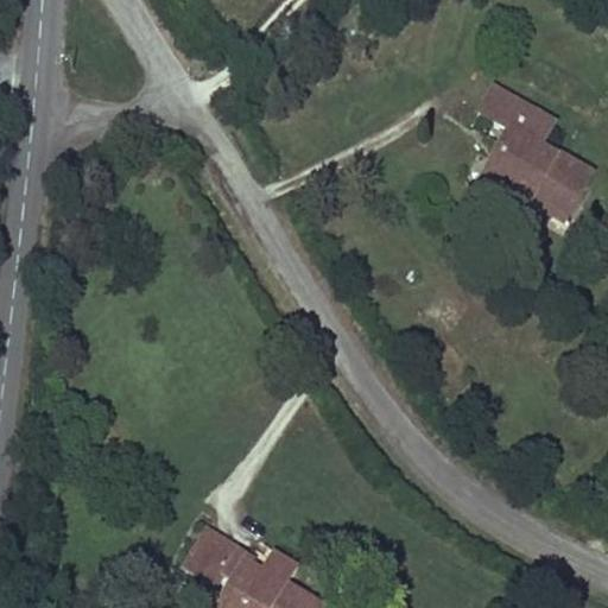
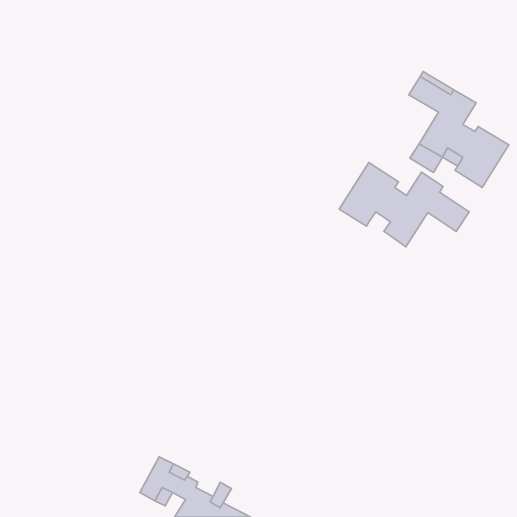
building: none -> [339,162,469,247]

